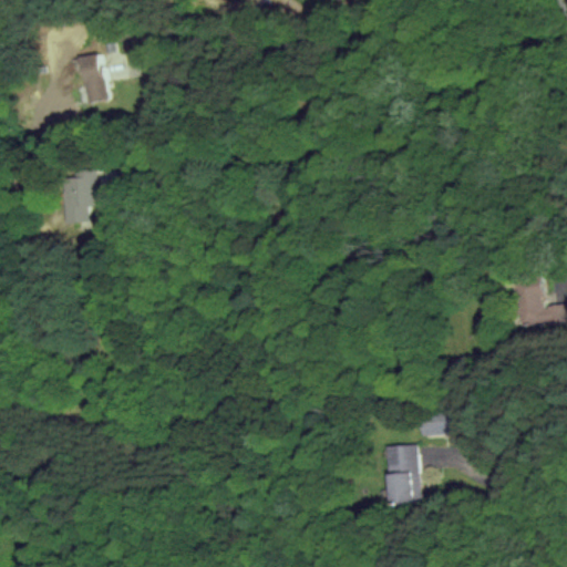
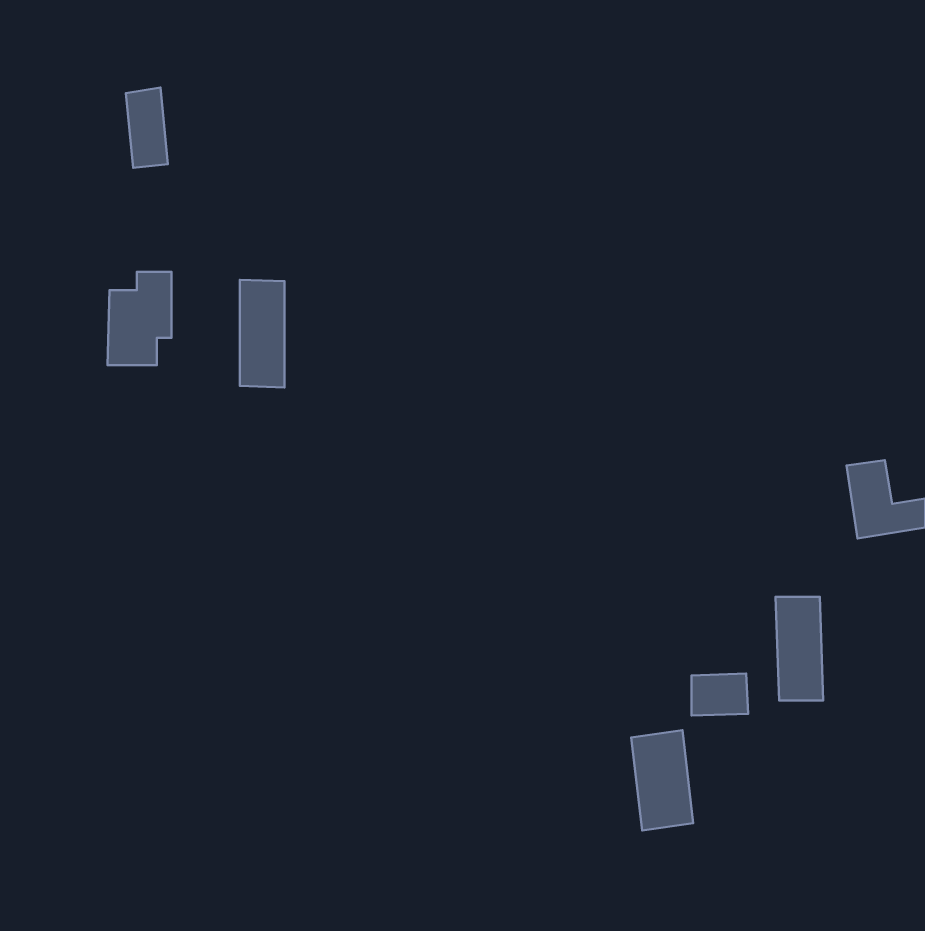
building: none -> [240,280,284,387]
building: none -> [776,597,823,701]

